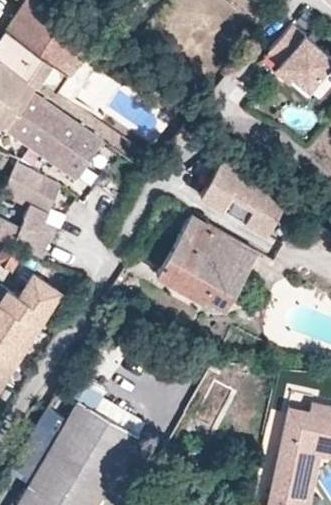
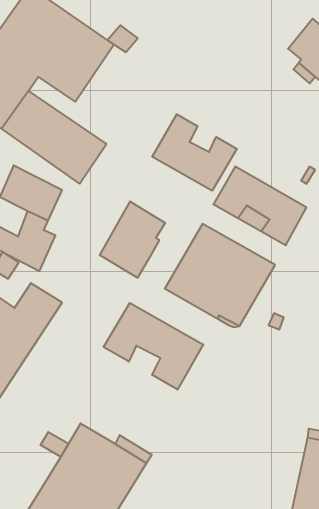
building: none -> [152,114,237,191]
building: none -> [100,201,165,278]
building: none -> [104,303,203,390]

